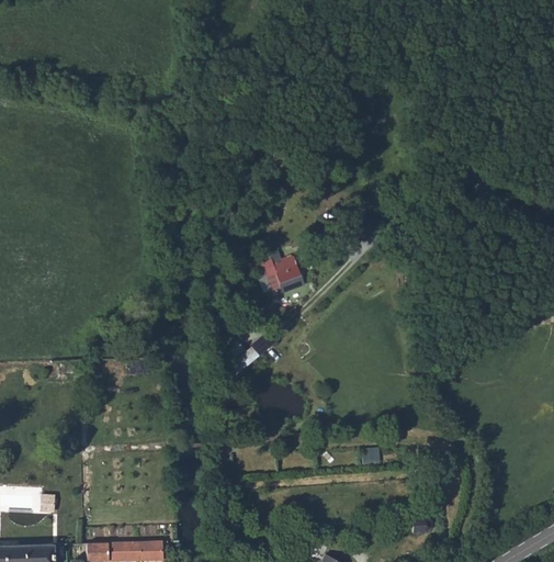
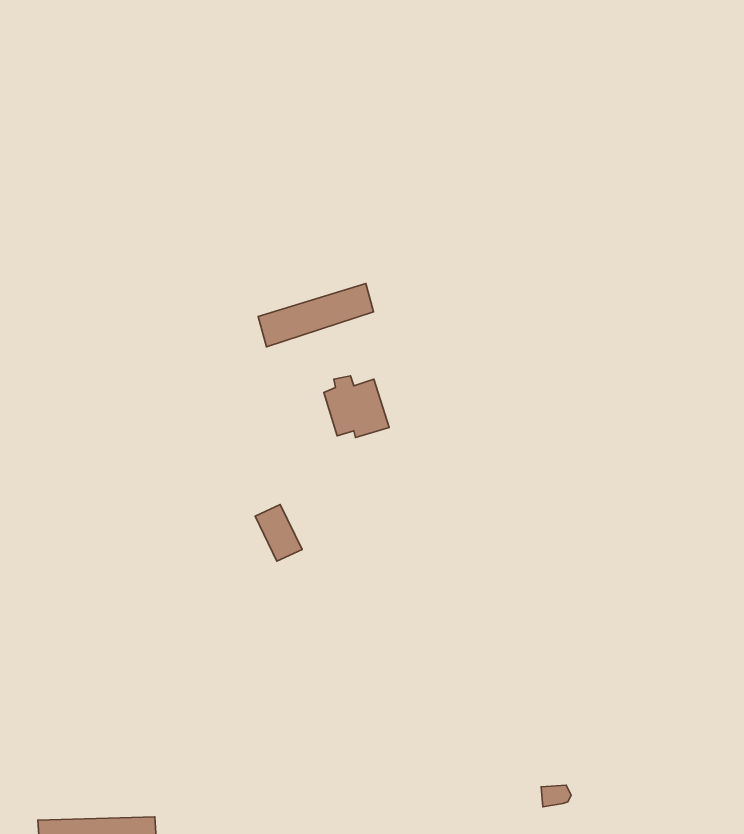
building: none -> [258,283,374,347]

